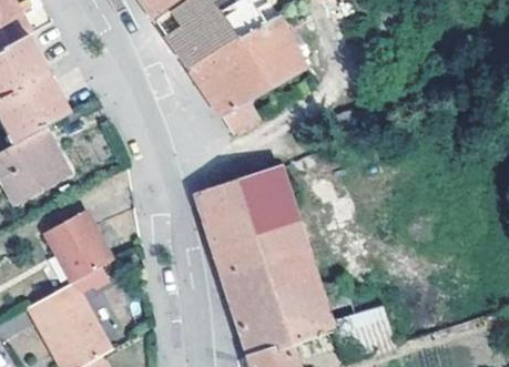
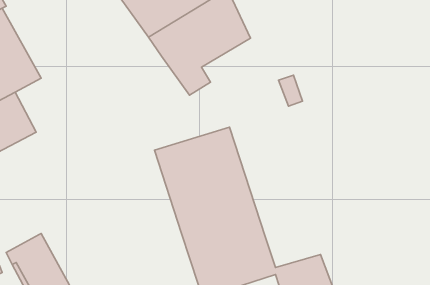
building: [32,194,110,286] -> none

